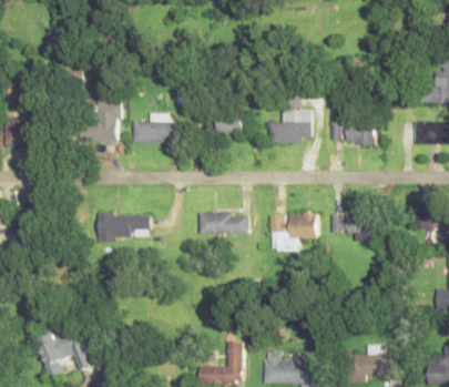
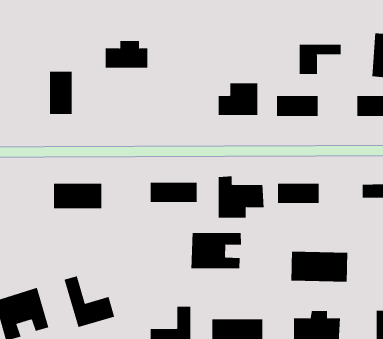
building: none -> [299,44,341,75]
building: [132,114,177,143] -> [105,41,148,68]
building: [214,114,241,134] -> none
building: none -> [191,232,242,269]
building: none -> [291,251,348,282]
building: none -> [64,275,115,328]

